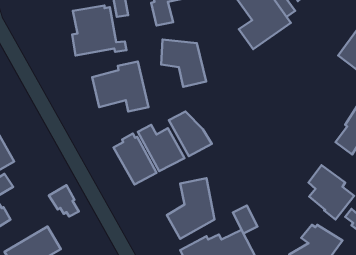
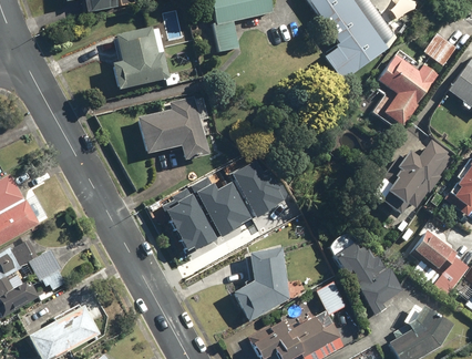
building: none -> [424,32,456,65]
building: none -> [378,49,438,126]
building: [161,39,206,87] -> none
building: none -> [386,142,451,207]
building: none -> [332,243,400,314]
building: [49,185,79,217] -> [28,250,65,290]

